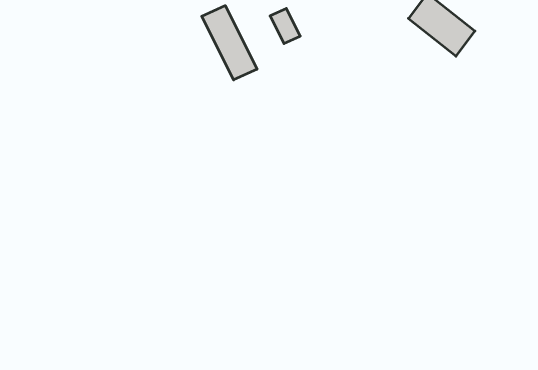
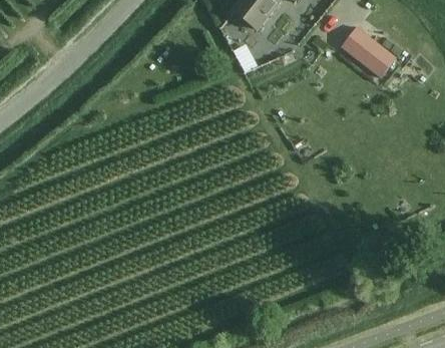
building: [202,6,257,80] -> none

